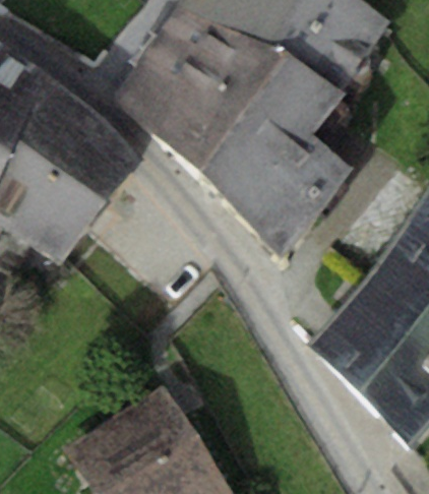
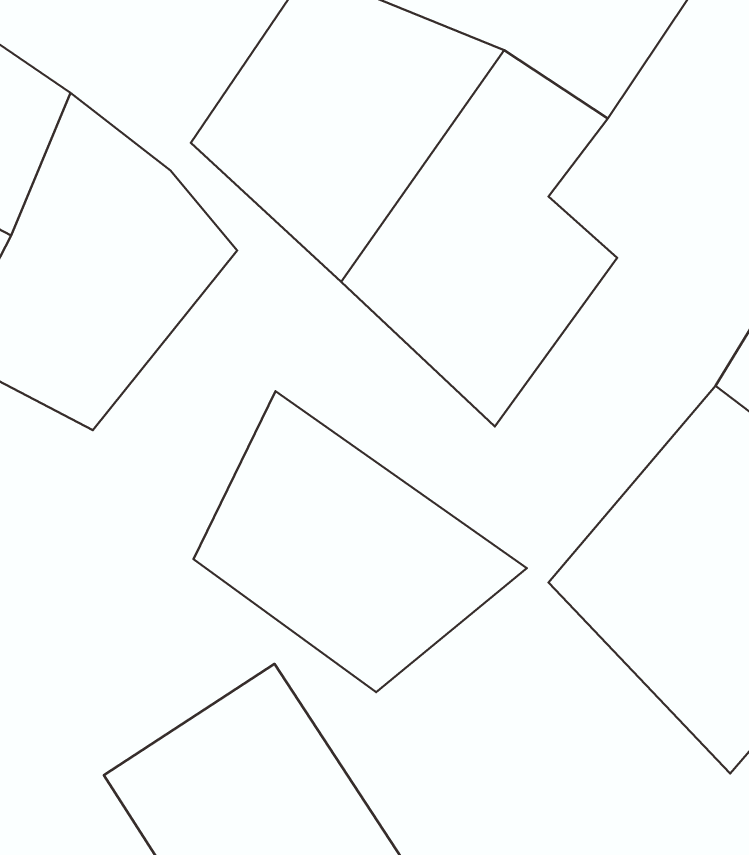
building: none -> [194,391,527,692]

